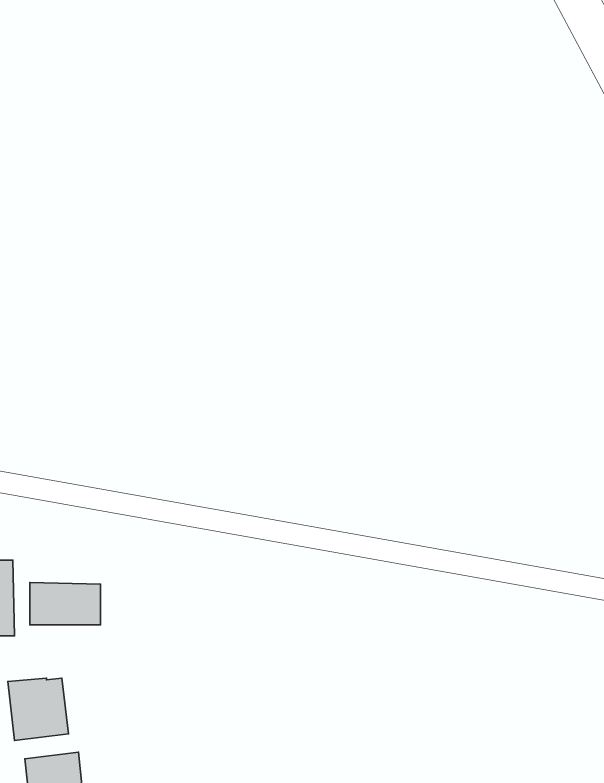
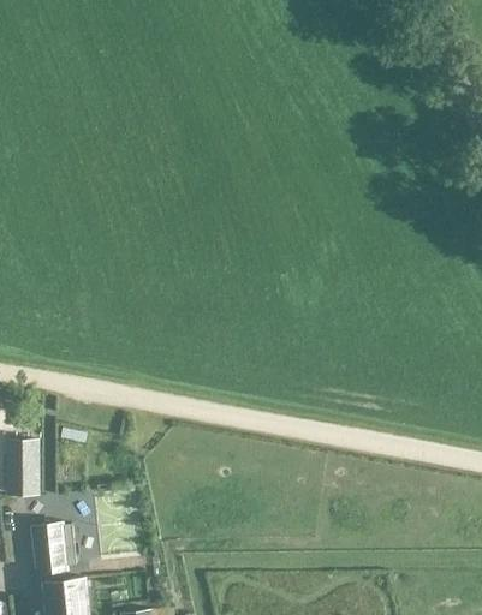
building: [30,582,100,625] -> none

